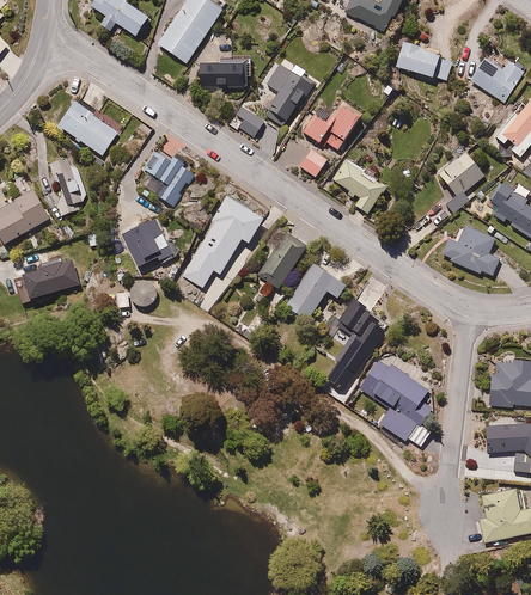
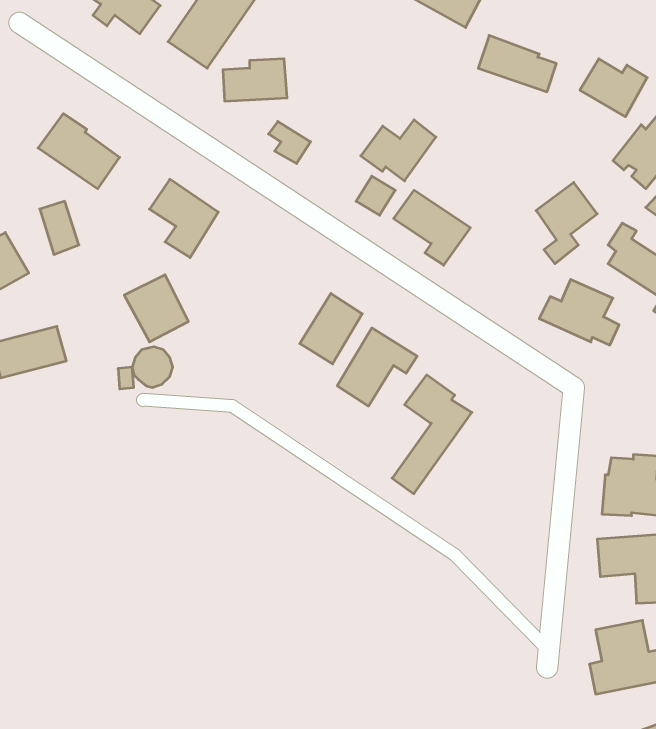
building: [267,61,316,122] -> none
building: [181,195,261,287] -> none
building: [359,355,434,446] -> none

